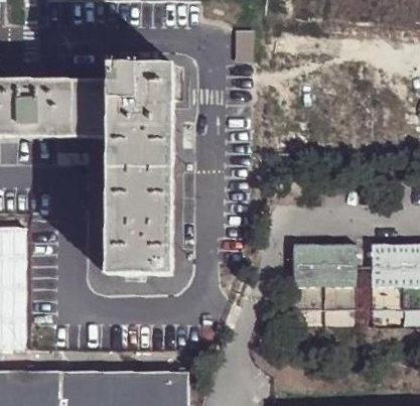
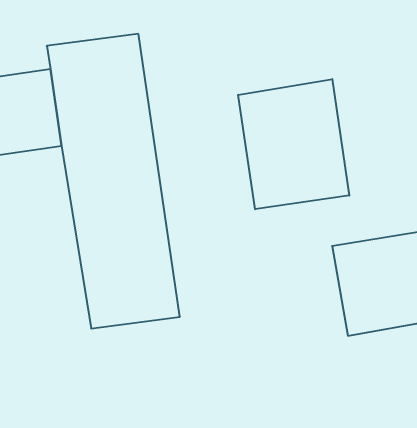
building: none -> [238,79,349,209]

